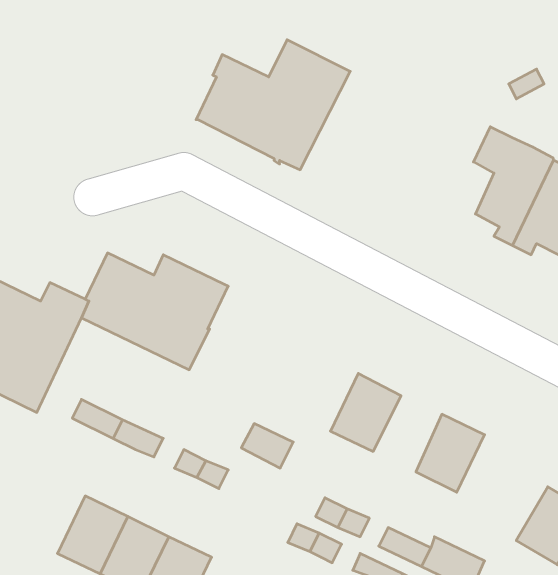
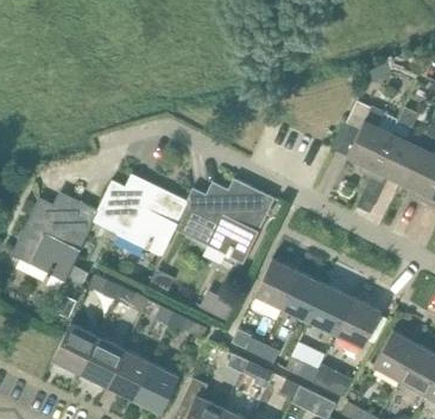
building: [196,40,350,170] -> [176,179,275,262]
building: none -> [282,273,326,322]
building: none -> [335,298,380,348]
building: none -> [52,324,97,374]

